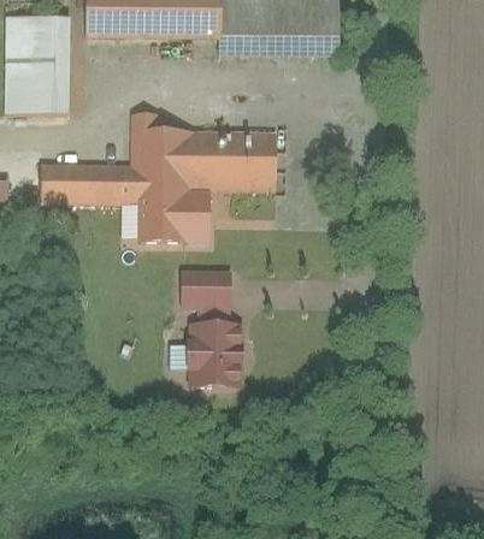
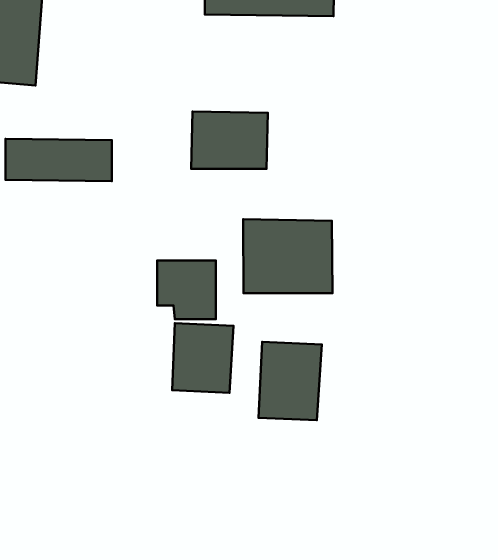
building: [136,125,208,241] -> none
building: none -> [243,219,332,293]
building: none -> [259,342,322,420]

